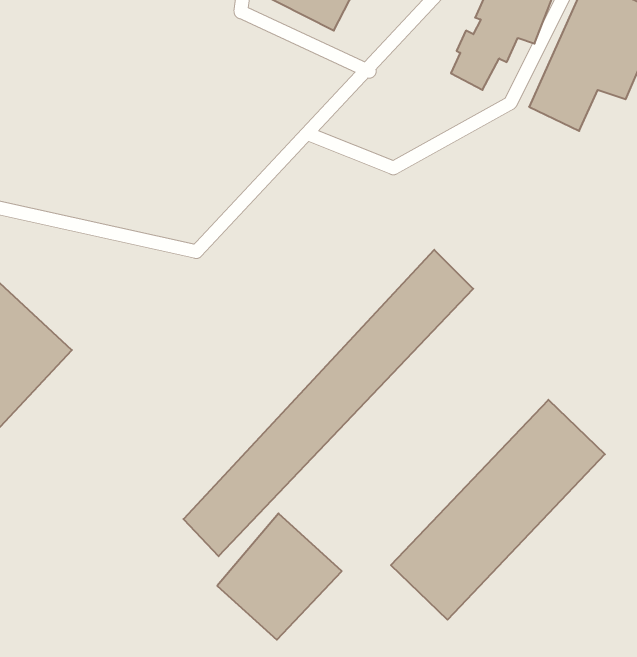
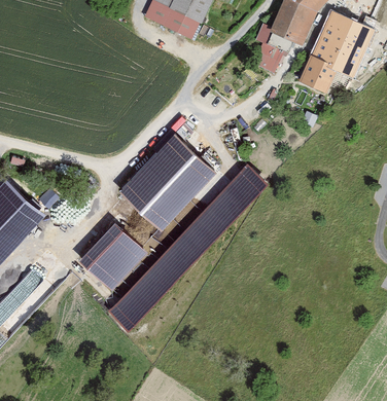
building: none -> [119,132,216,229]
building: [391,400,605,620] -> none
building: [217,513,342,640] -> [79,219,148,289]

